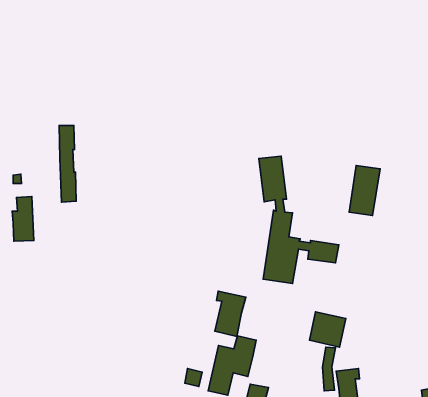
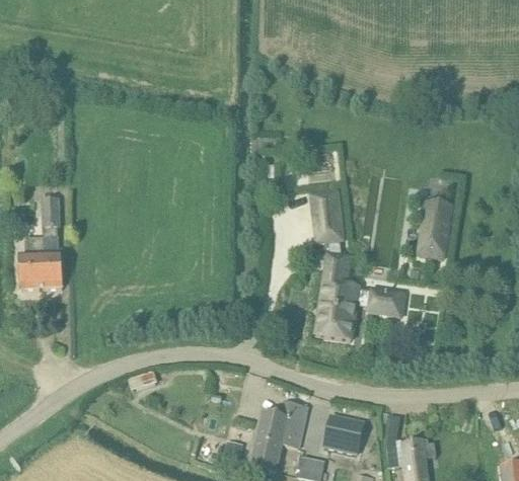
building: [59,126,76,202] -> [43,197,63,288]
building: [215,291,246,336] -> none
building: [310,312,346,347] -> [323,412,366,454]

